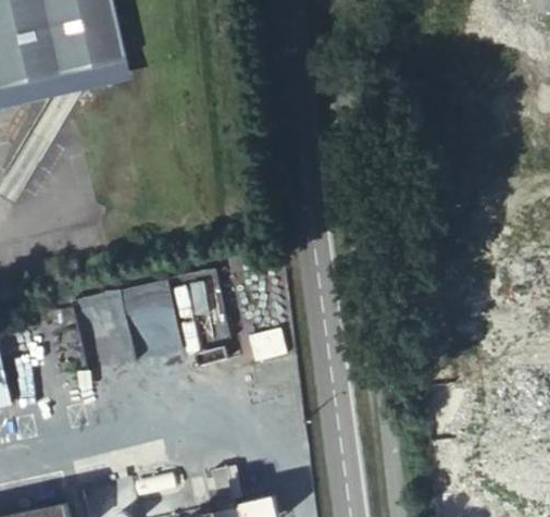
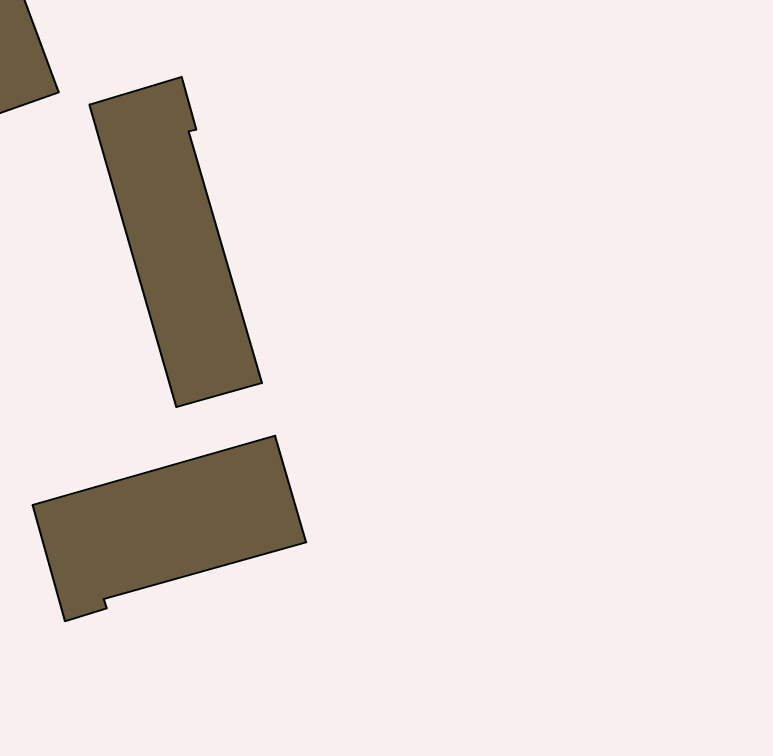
building: none -> [90,77,262,407]

